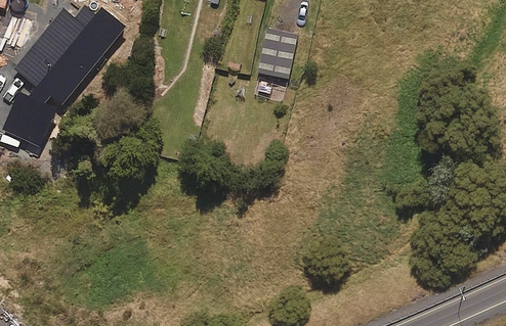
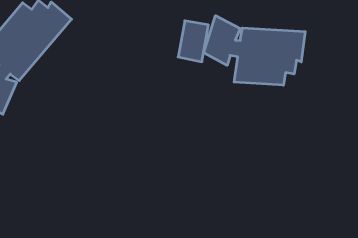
building: none -> [204,16,305,85]

